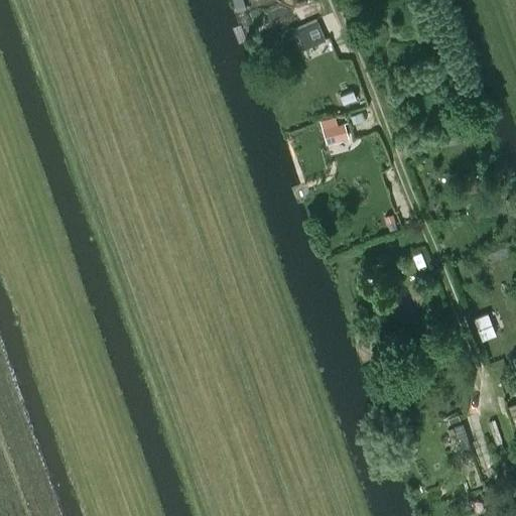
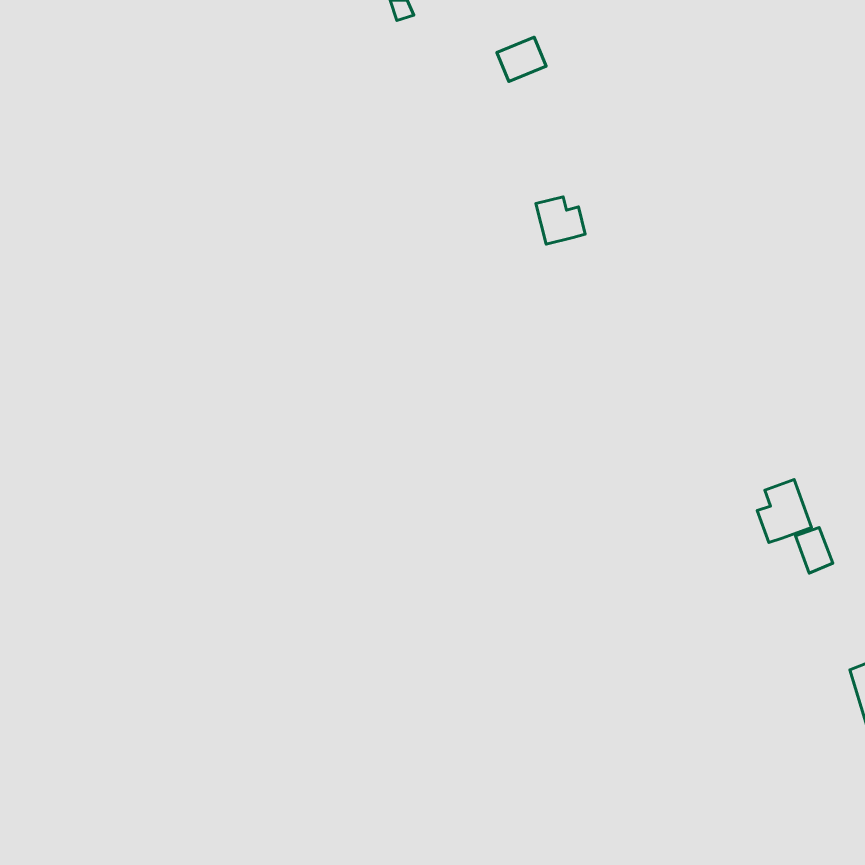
building: none -> [757,479,812,542]

